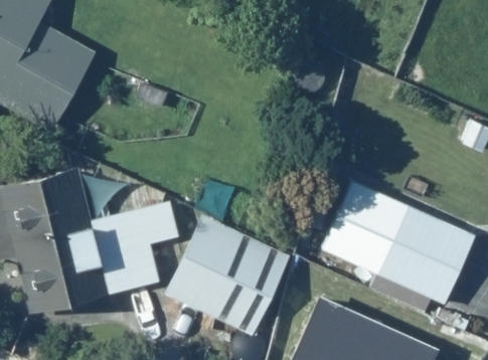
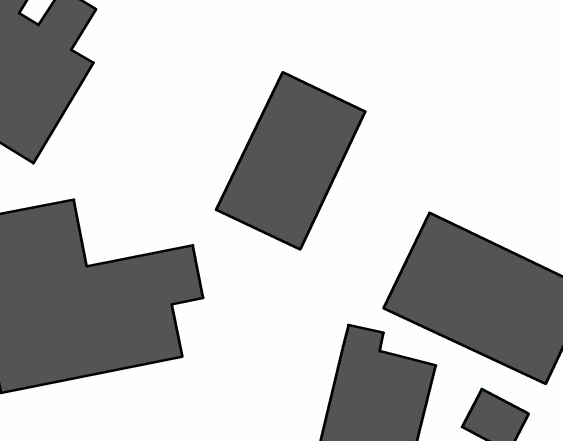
building: none -> [216,72,365,249]
building: [162,210,294,337] -> none

